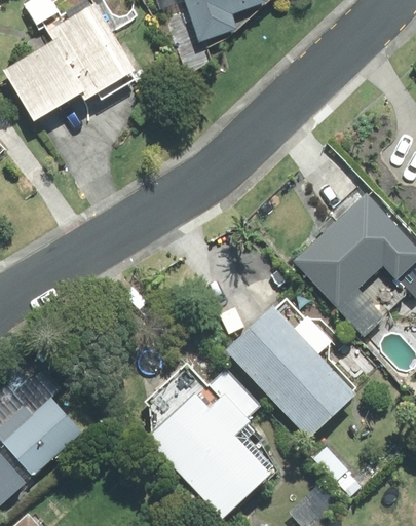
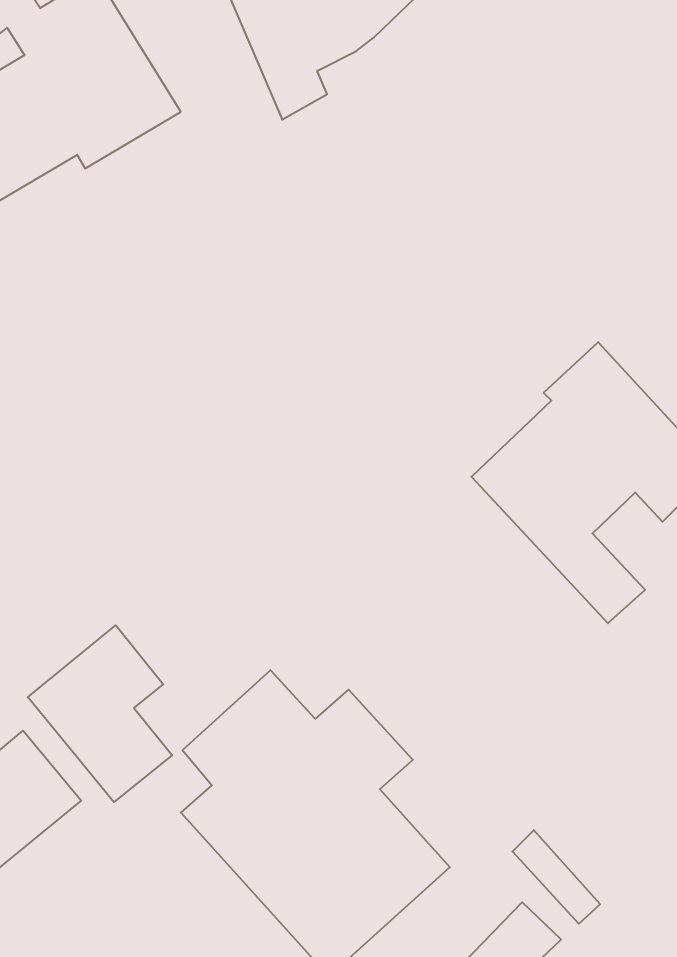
building: [222,298,350,441] -> none
building: none -> [28,625,172,802]

